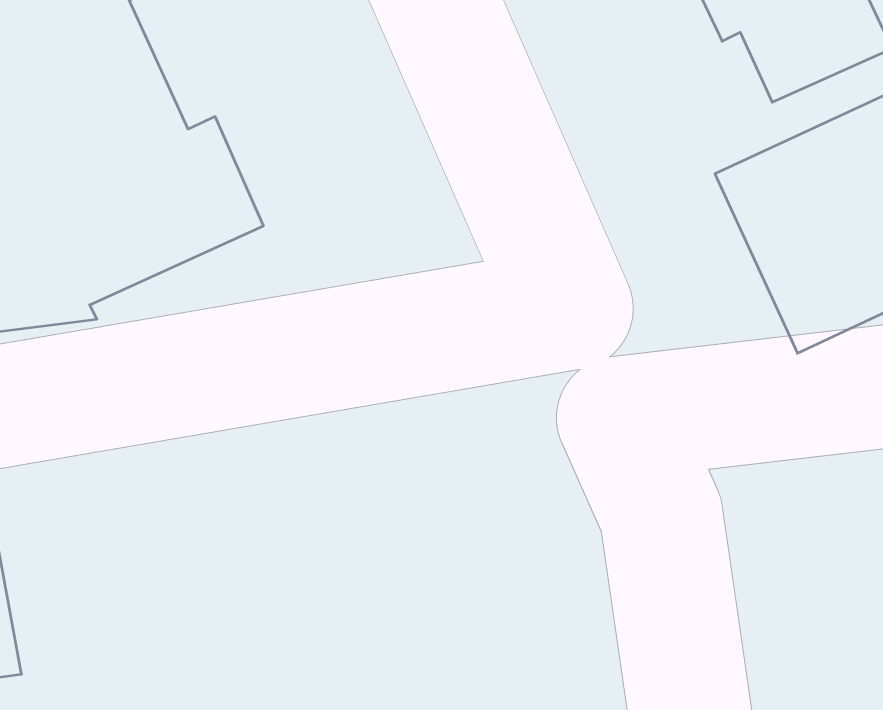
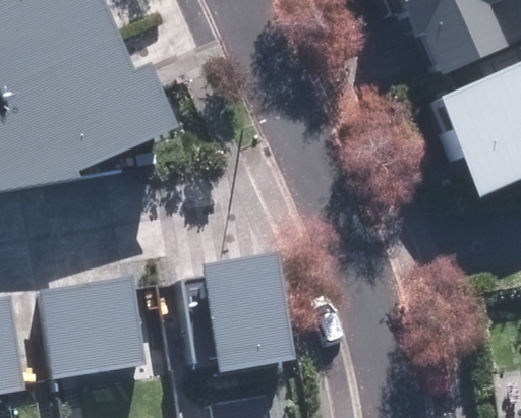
building: none -> [198,255,288,377]
building: none -> [47,274,149,381]

